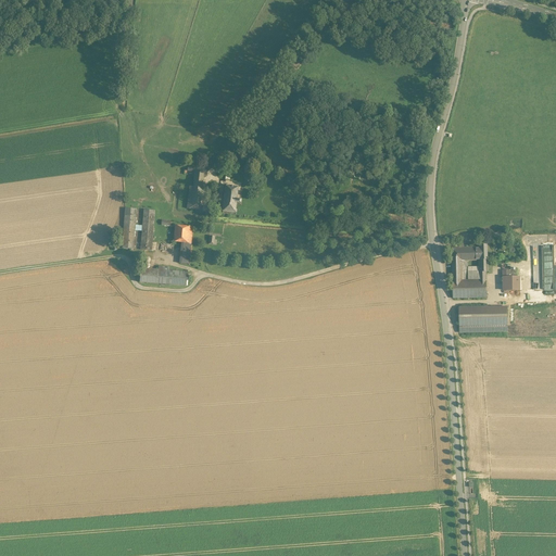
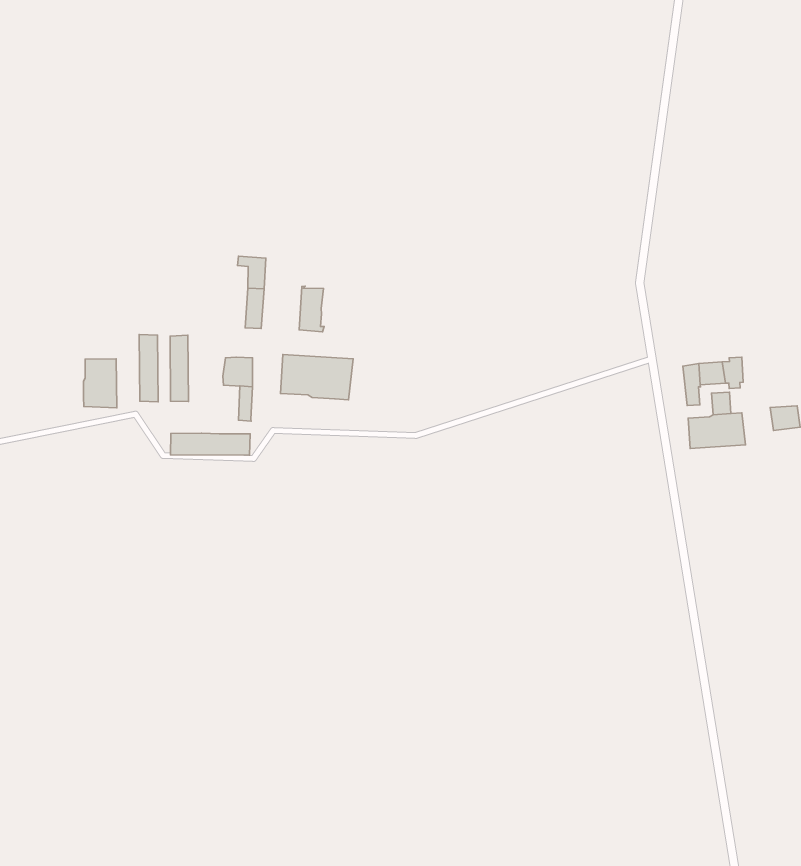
building: none -> [83,359,117,408]
building: none -> [281,354,353,400]
building: [458,306,506,331] -> none

